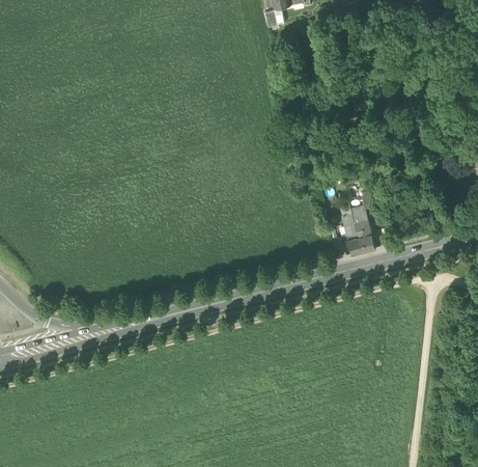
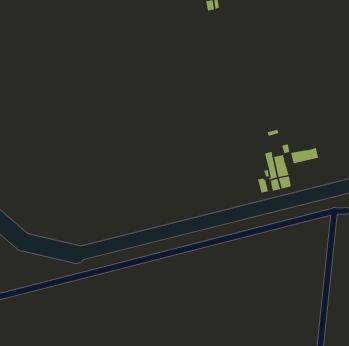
building: none -> [290,147,319,164]

